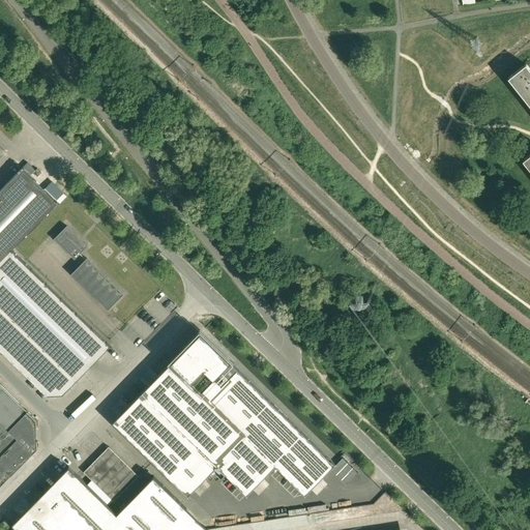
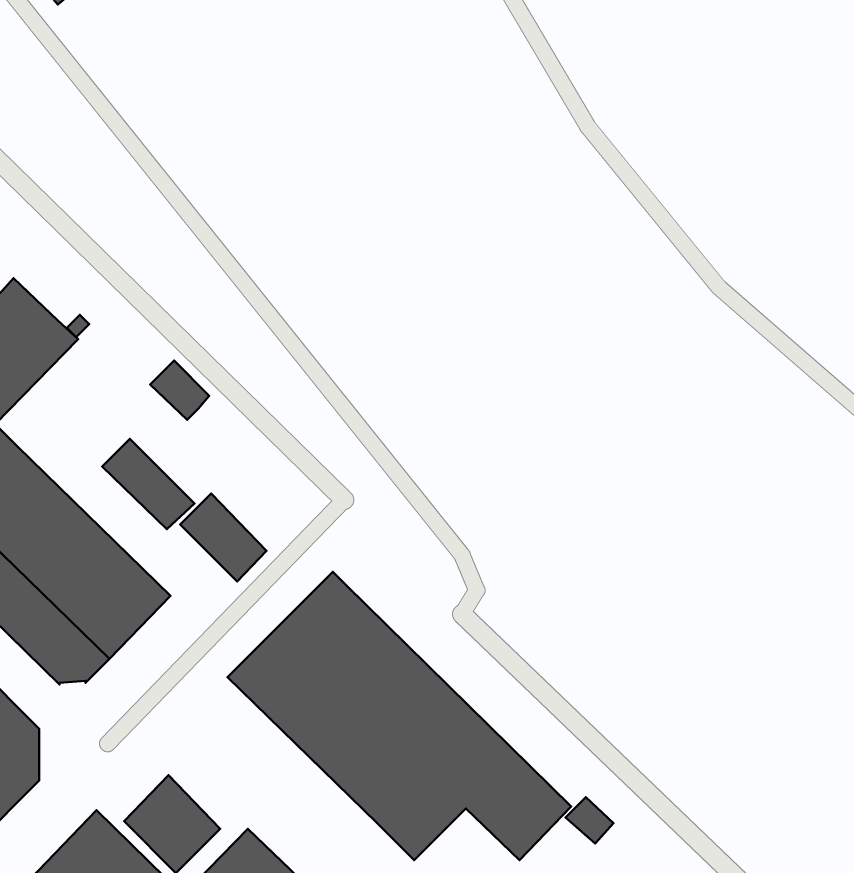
building: [53,228,86,261] -> [150,361,209,420]
building: none -> [180,493,267,582]
building: [112,393,225,497] -> none

